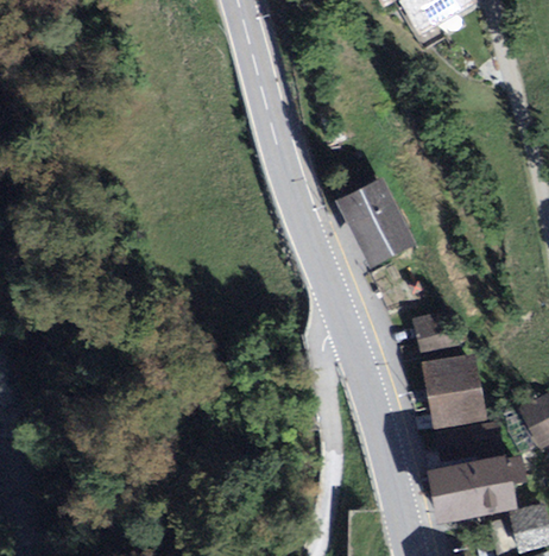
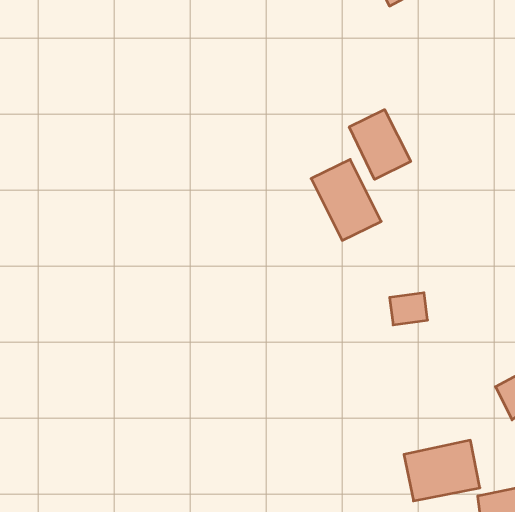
building: none -> [349,110,411,179]
building: [428,355,482,421] -> none

